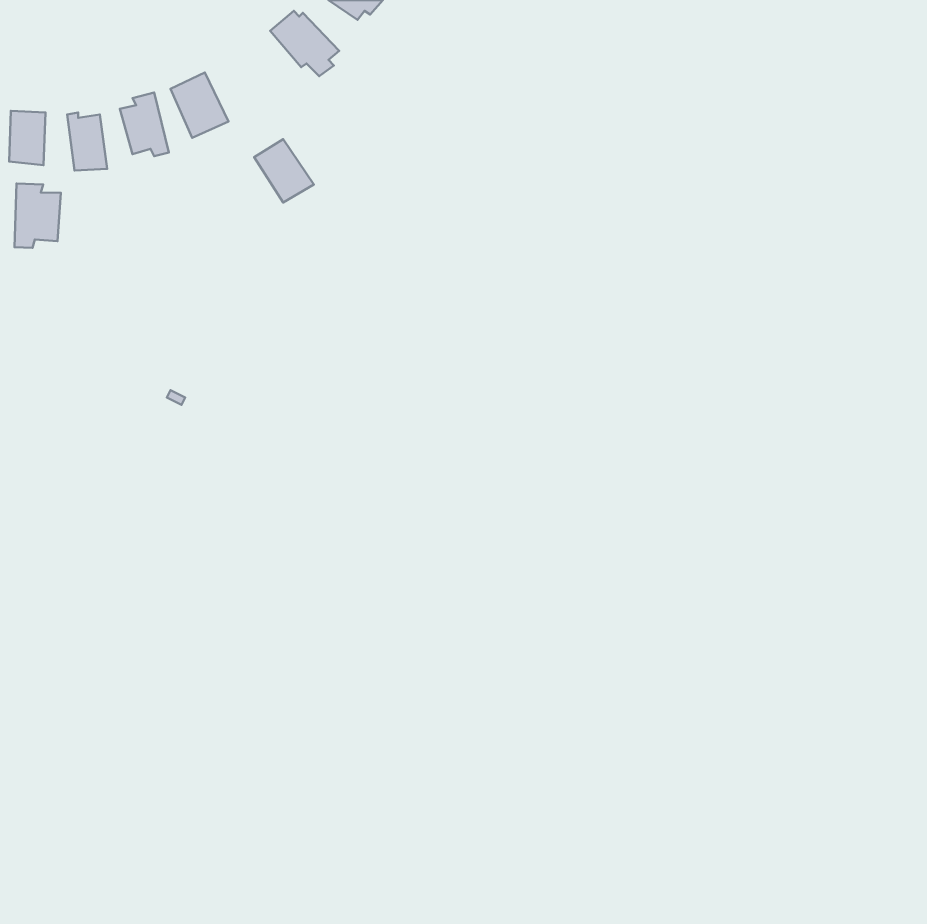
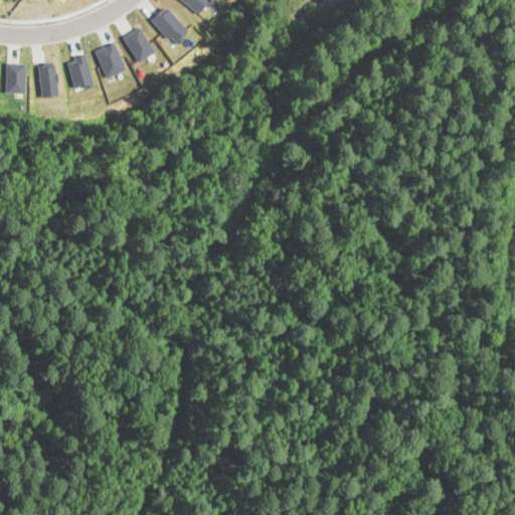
building: [254,139,314,203] -> [123,27,156,62]
building: [15,184,61,248] -> none

